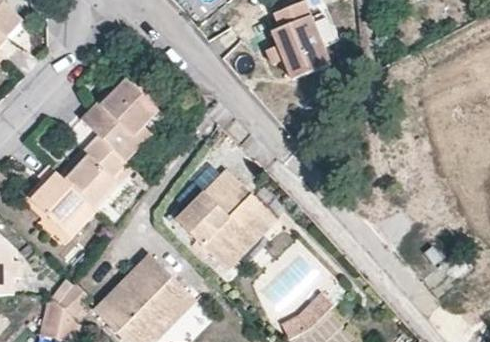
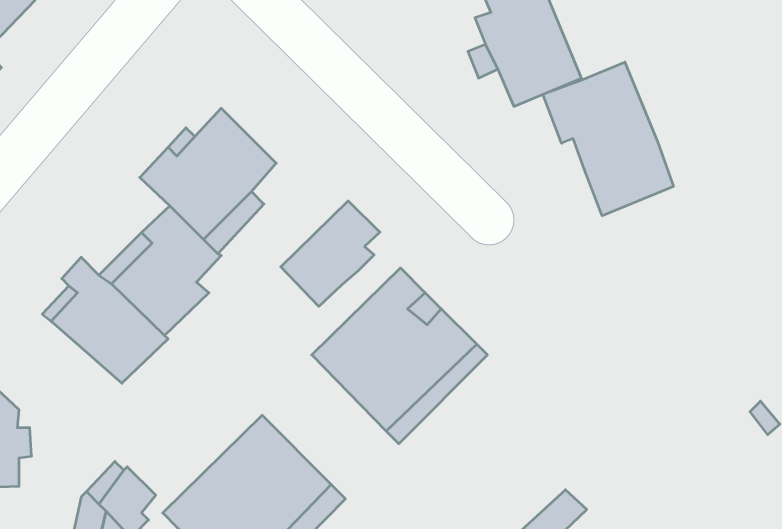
building: none -> [543,62,673,216]
building: none -> [281,201,380,306]

